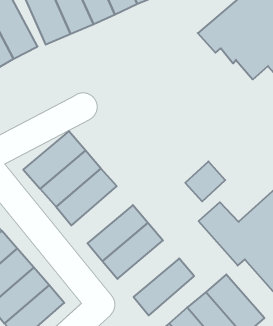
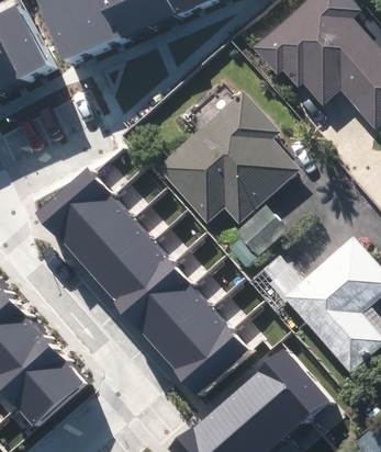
building: none -> [158,92,300,224]
building: none -> [98,238,173,308]
building: none -> [155,305,231,374]

